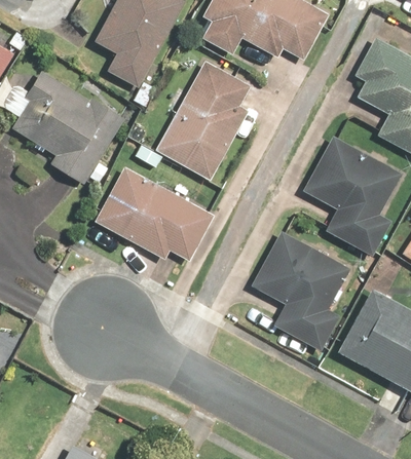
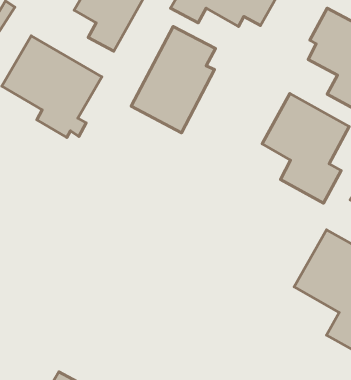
building: [95,165,213,261] -> none
building: [251,226,353,352] -> none

